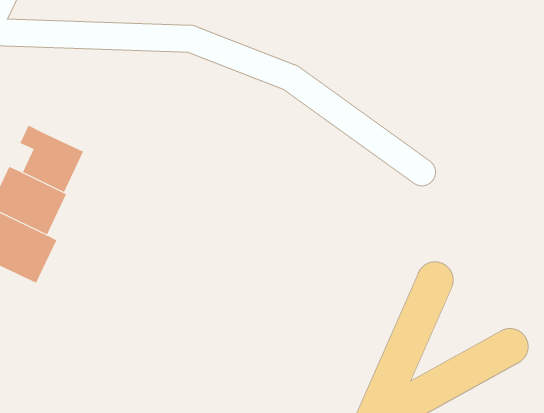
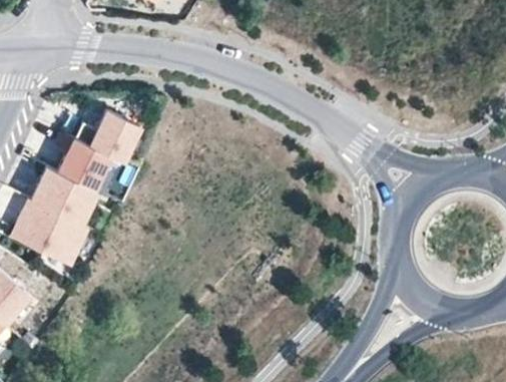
building: none -> [74,112,137,162]

